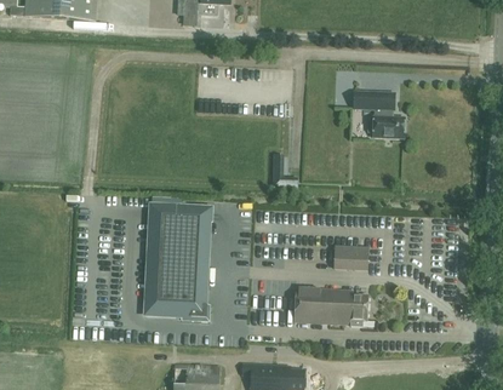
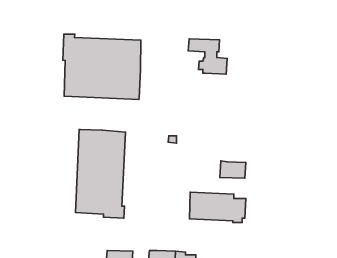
building: none -> [63,34,141,99]
building: [353,91,404,137] -> [188,39,227,74]

